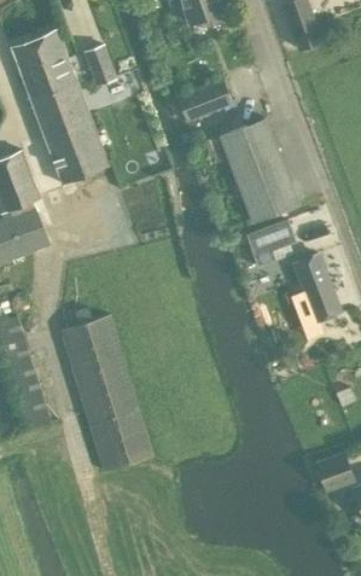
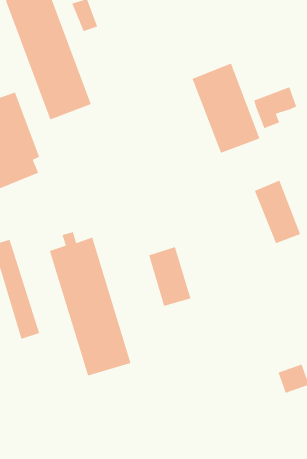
building: [179,82,232,122] -> none
building: [246,220,296,268] -> [253,86,297,129]
building: none -> [148,246,191,307]

